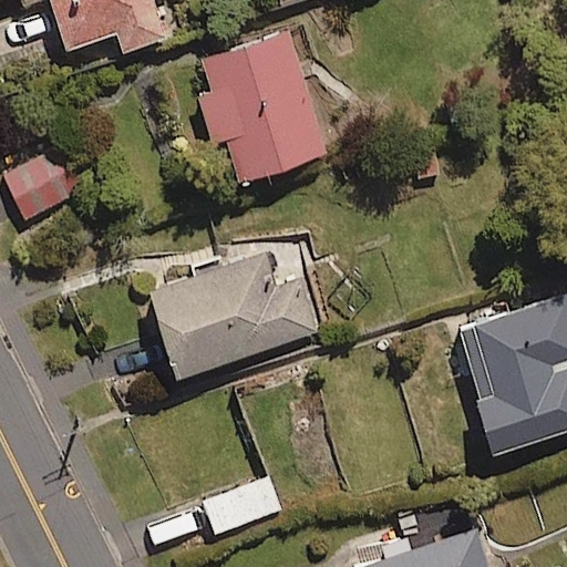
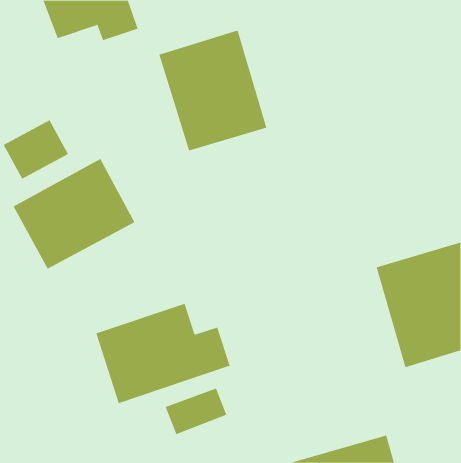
building: none -> [13,158,135,270]
building: [152,255,317,378] -> [96,303,231,404]

